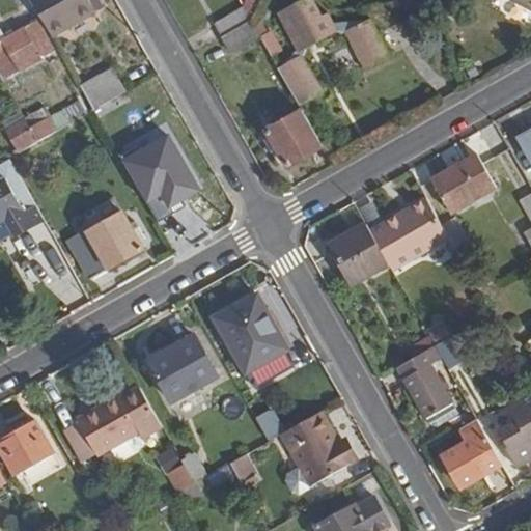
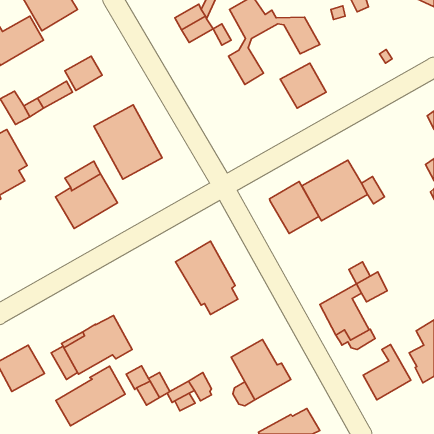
building: [266,110,322,165] -> [280,63,326,108]
building: [430,153,495,213] -> none
building: [147,336,215,403] -> none
building: none -> [56,366,125,426]

